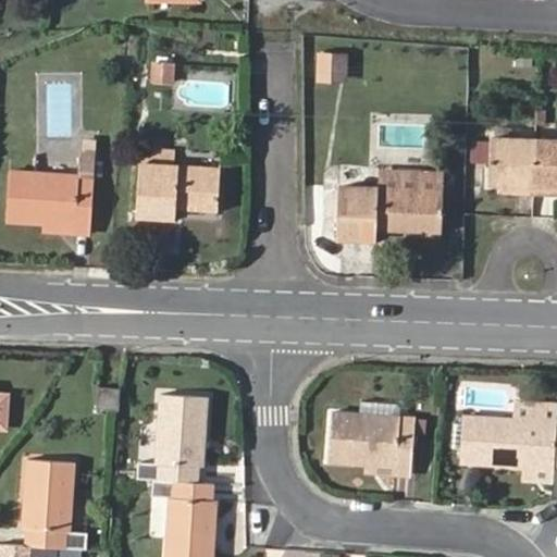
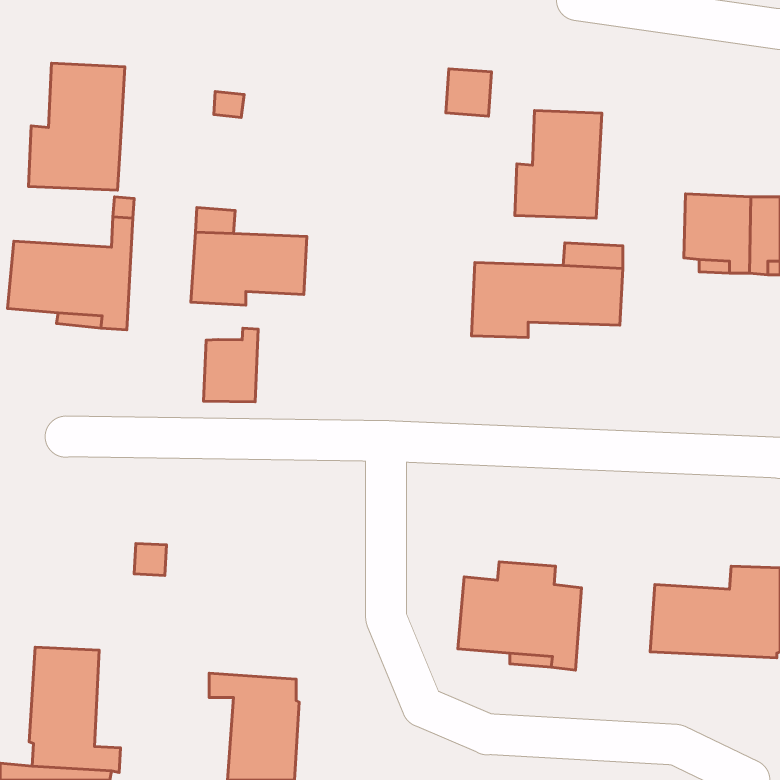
building: none -> [28,63,125,190]
building: none -> [515,110,602,218]
building: none -> [204,328,258,402]
building: [135,395,206,483] -> none

